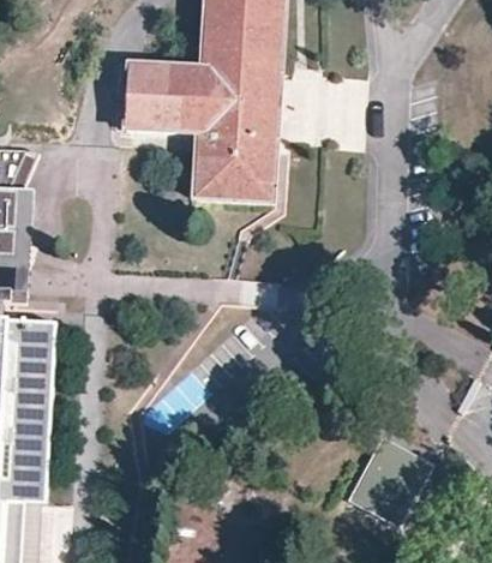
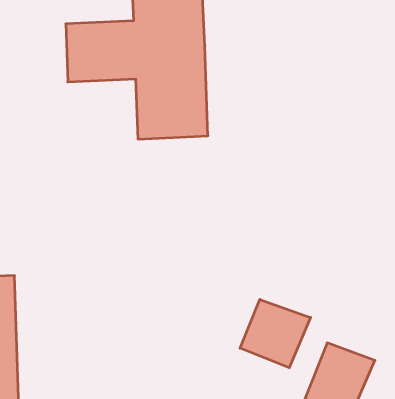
building: none -> [240,299,311,368]

